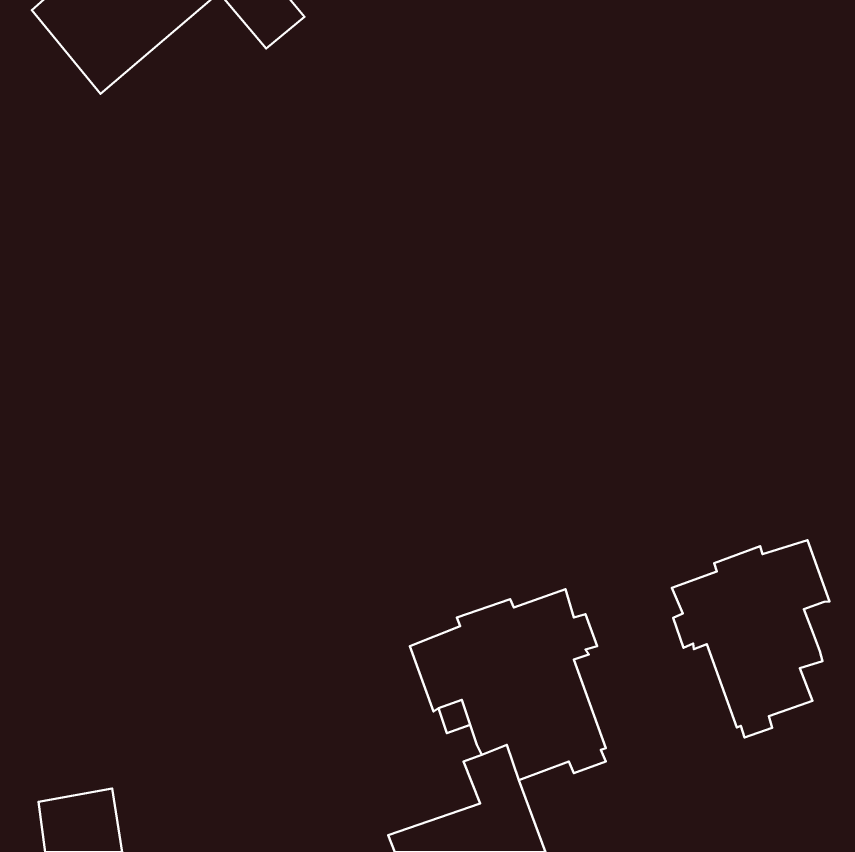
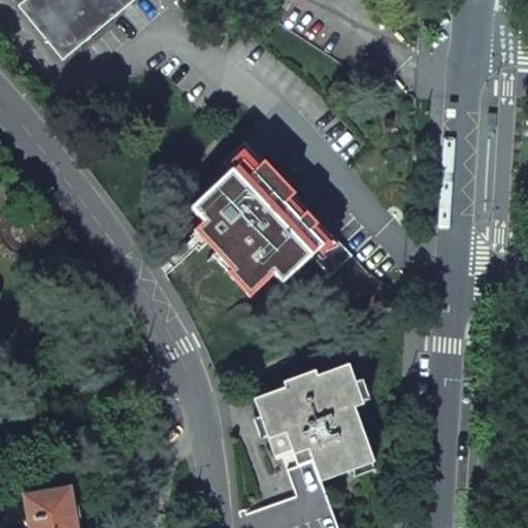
building: none -> [192,148,354,293]
building: [672,540,829,737] -> none

